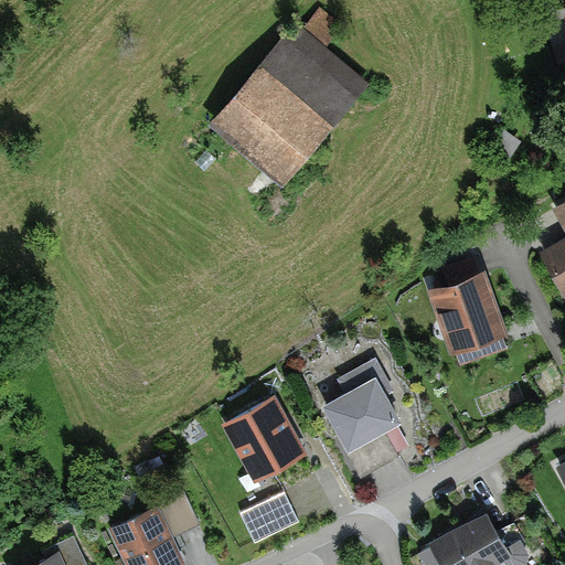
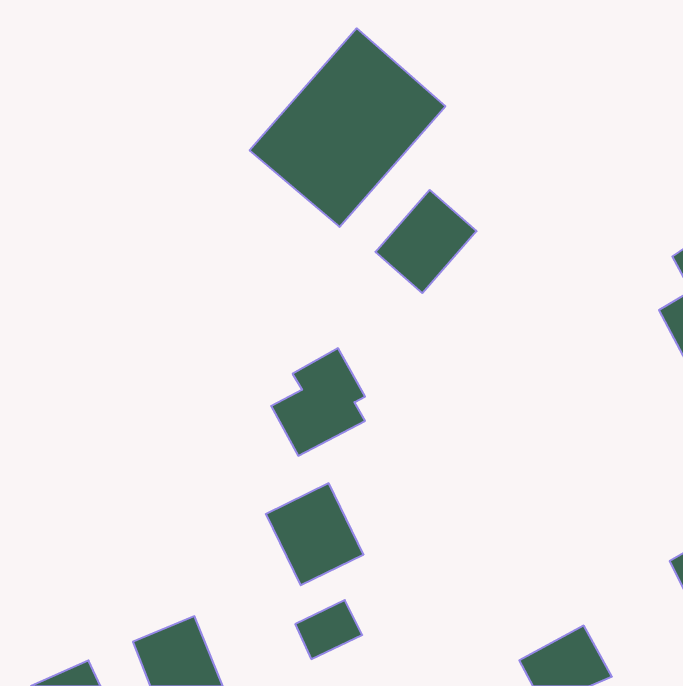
building: none -> [375,190,477,293]
building: [430,271,512,356] -> none
building: [321,360,398,448] -> [271,348,365,456]

